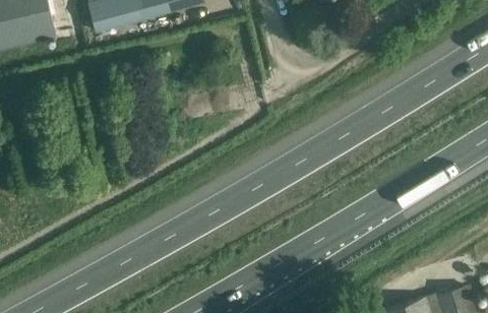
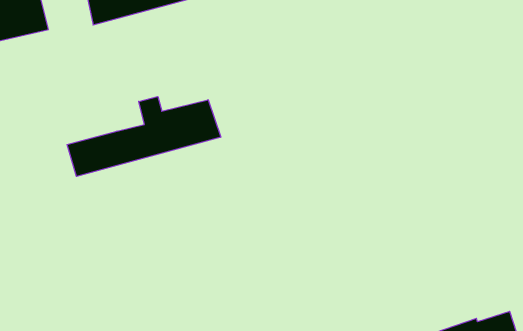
building: none -> [67,97,221,176]

